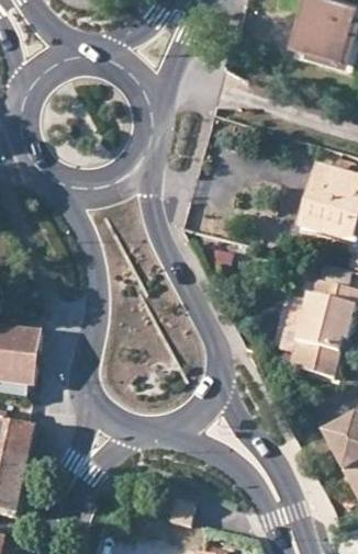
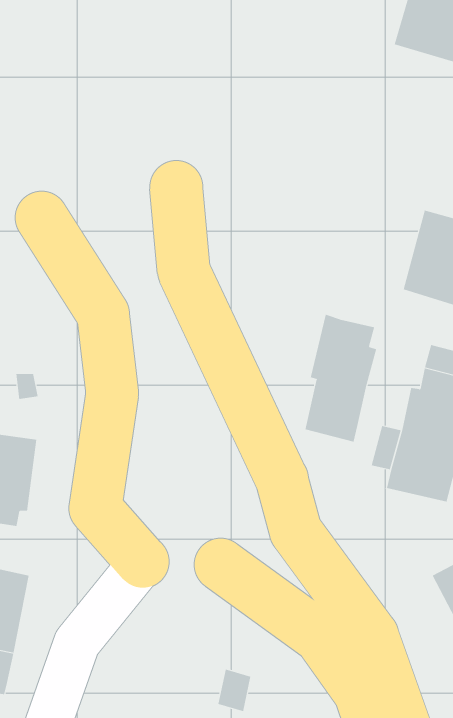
building: none -> [305,314,377,443]

